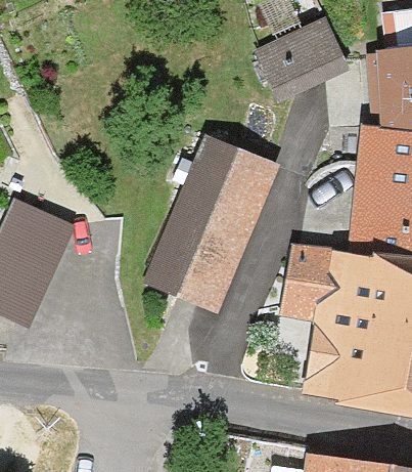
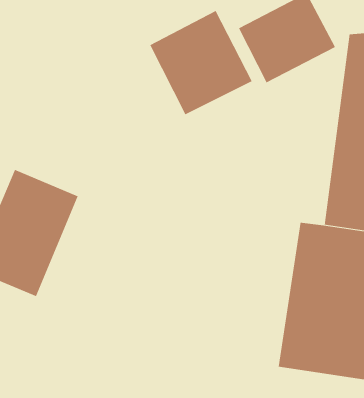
building: none -> [150,10,252,115]
building: [155,136,277,308] -> none

